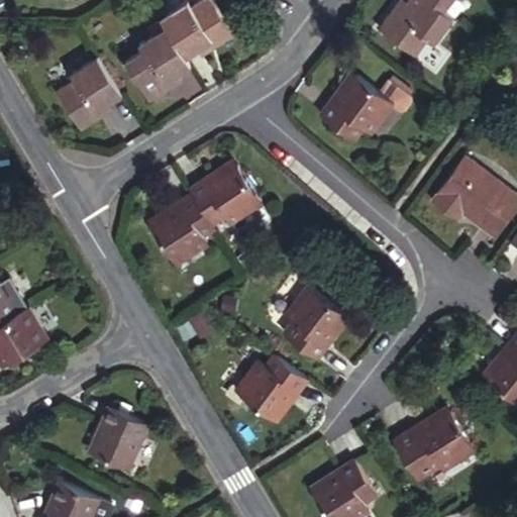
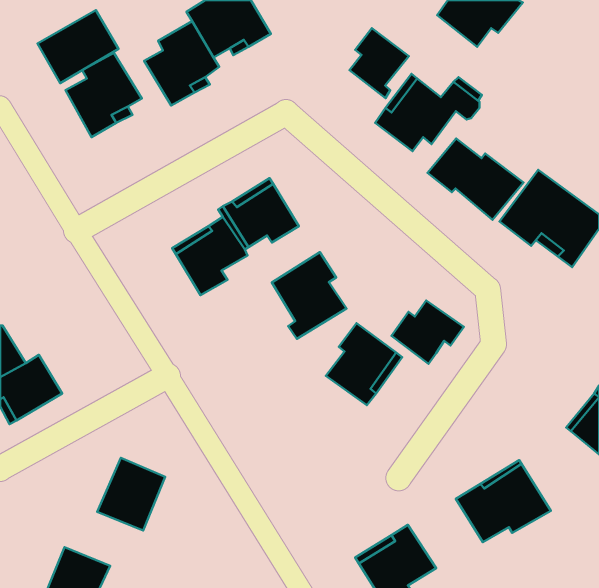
building: none -> [37,10,118,83]
building: none -> [350,28,409,98]
building: none -> [428,138,524,220]
building: none -> [272,252,346,339]
building: none -> [392,301,464,364]
building: [237,352,308,420] -> none

